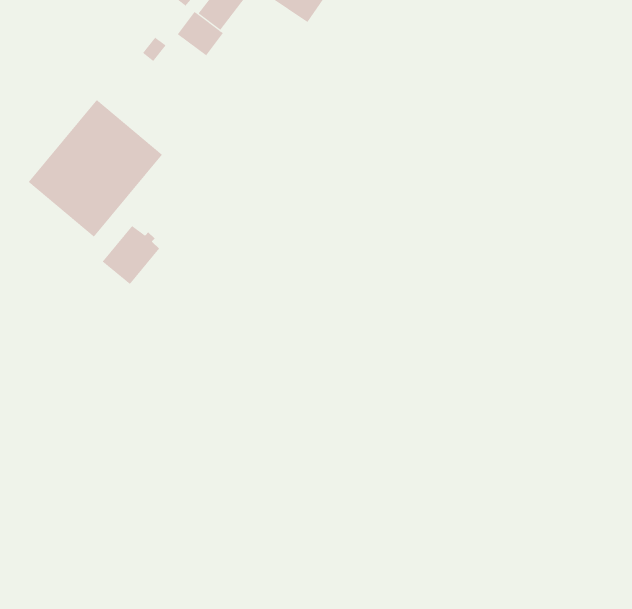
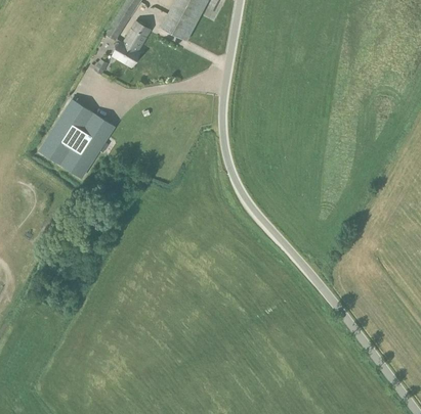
building: [102,225,160,285] -> none

